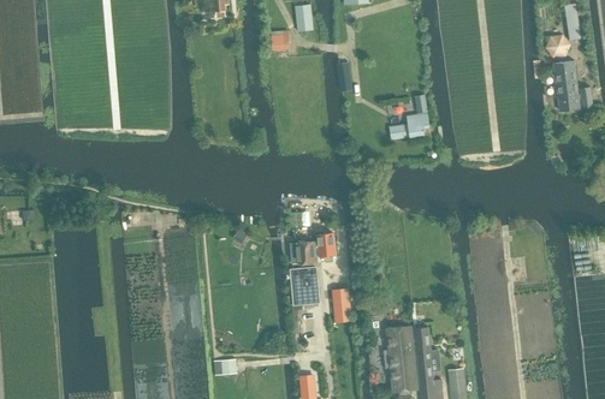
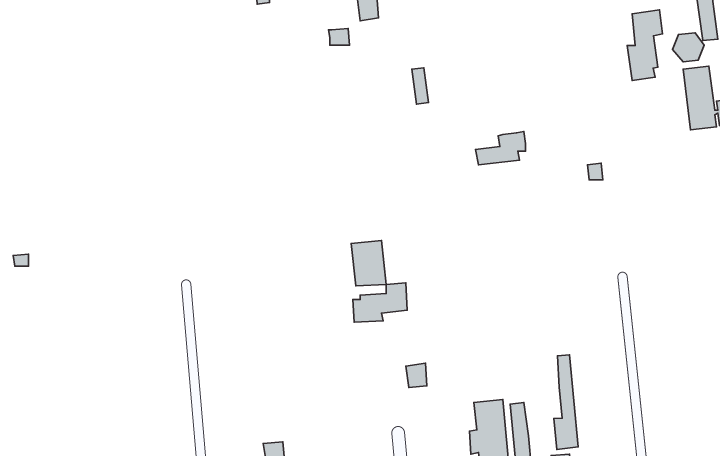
building: none -> [627,10,662,80]
building: [291,268,319,304] -> [351,240,386,286]
building: none -> [554,355,578,450]

